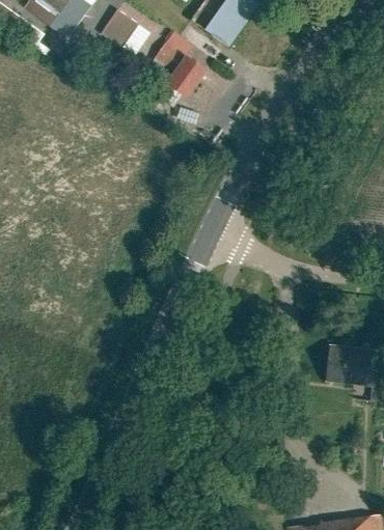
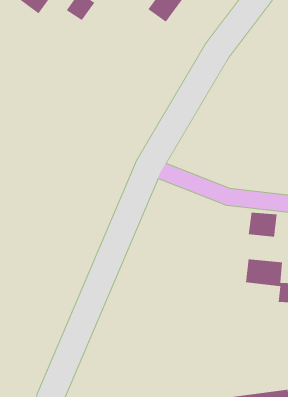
building: [155,44,207,95] -> none
building: none -> [248,212,277,238]

